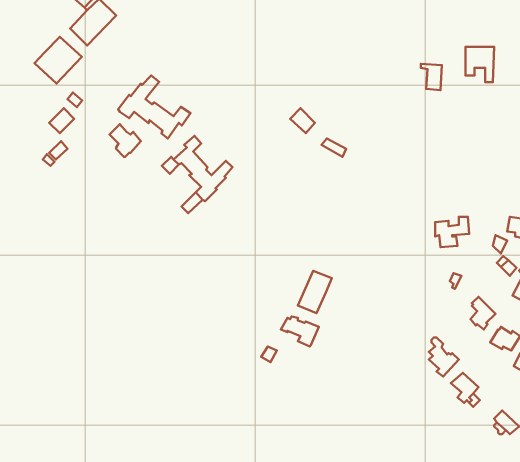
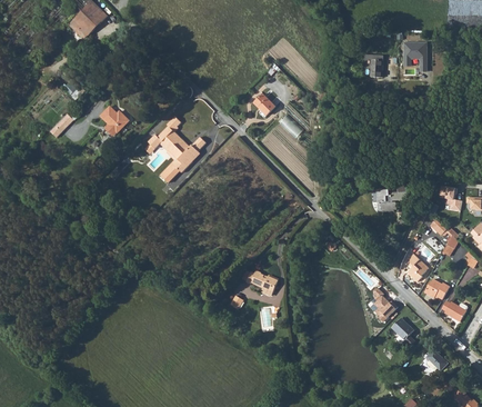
building: [35,37,82,84] -> none
building: [118,75,190,139] -> none
building: [298,271,332,313] -> none

